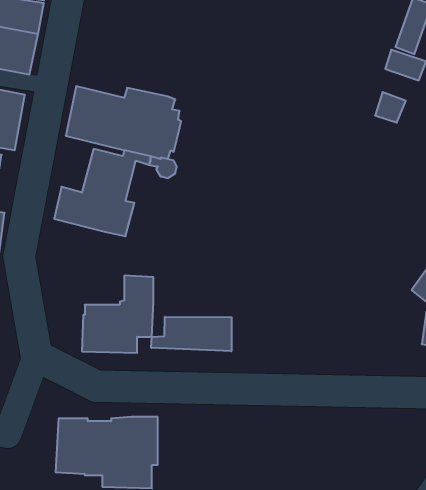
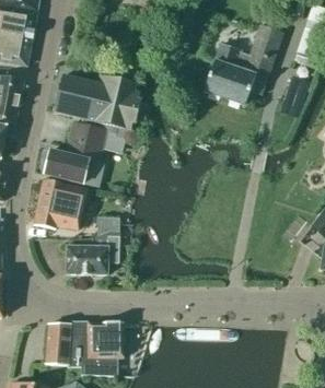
building: none -> [204,24,283,105]
building: none -> [34,178,88,230]
building: [151,317,232,351] -> none

